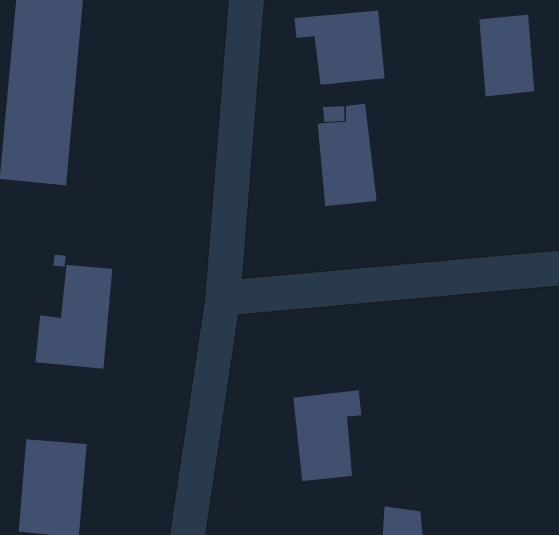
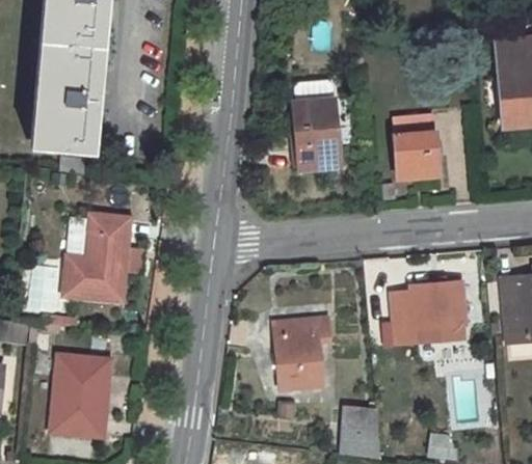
building: [294,10,385,86] -> none
building: [478,14,535,97] -> [392,112,437,179]
building: none -> [391,281,464,337]

